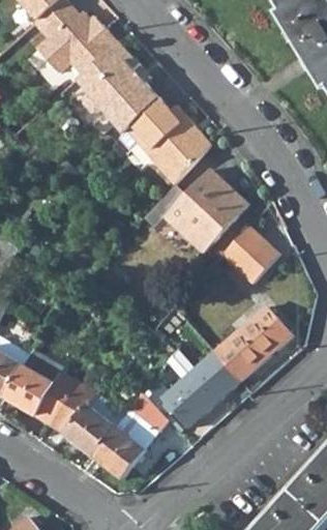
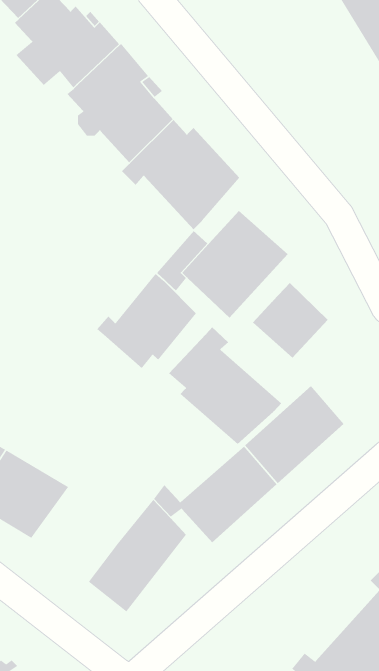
building: none -> [96,273,197,369]
building: none -> [168,327,282,445]
building: [49,383,115,457] -> none

